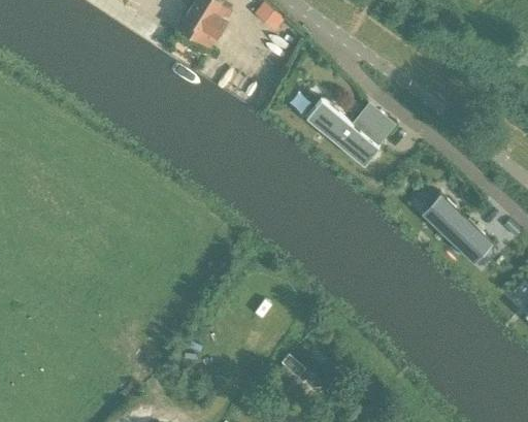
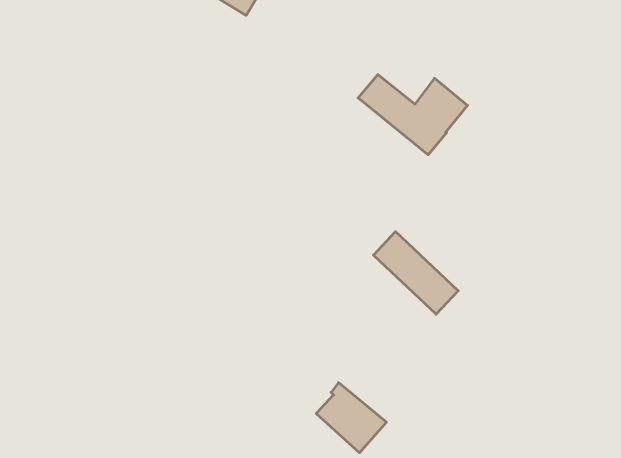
building: [421,193,492,262] -> [373,232,458,314]

